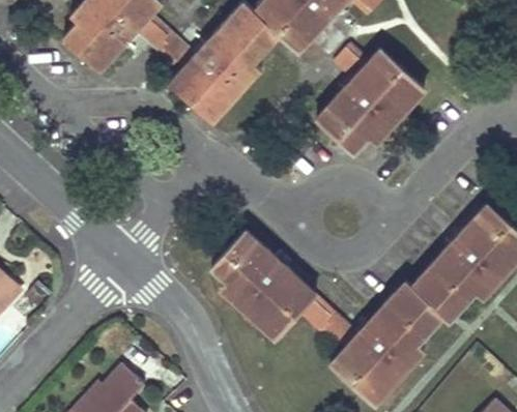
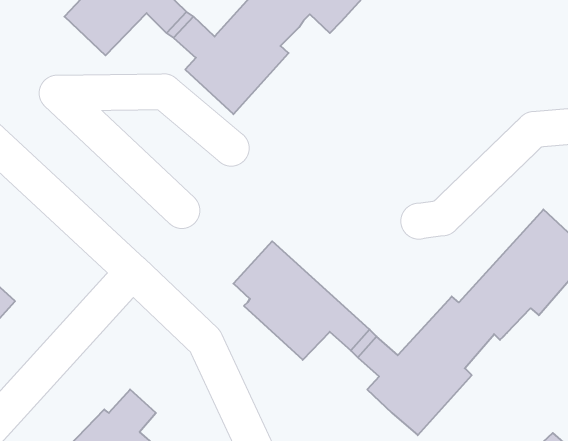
building: [316,45,424,153] -> none

